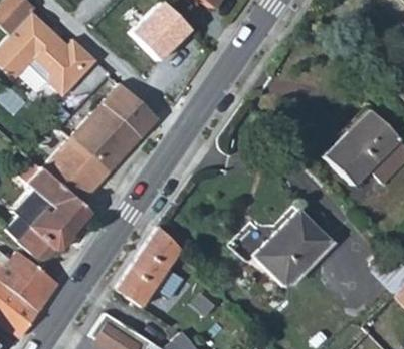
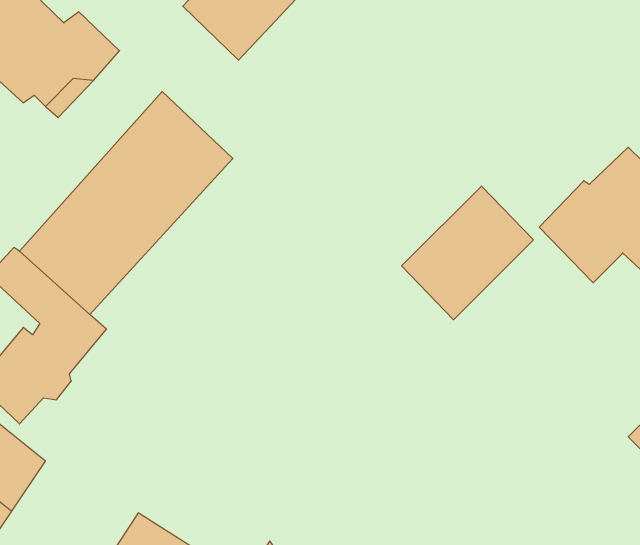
building: [255,212,327,284] -> [402,186,533,320]
building: [117,227,182,306] -> none

